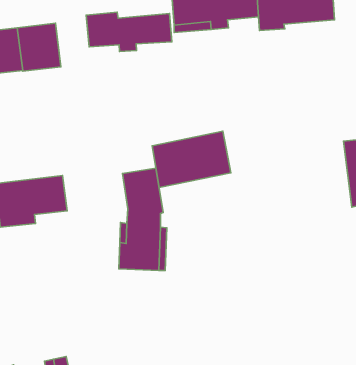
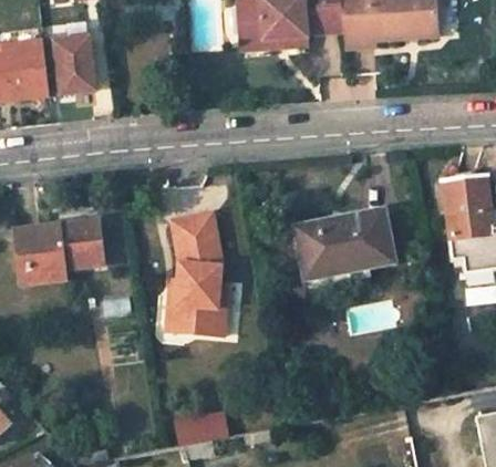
building: [86,12,172,52] -> none
building: [152,131,231,187] -> [298,211,394,280]
building: none -> [173,411,229,448]

